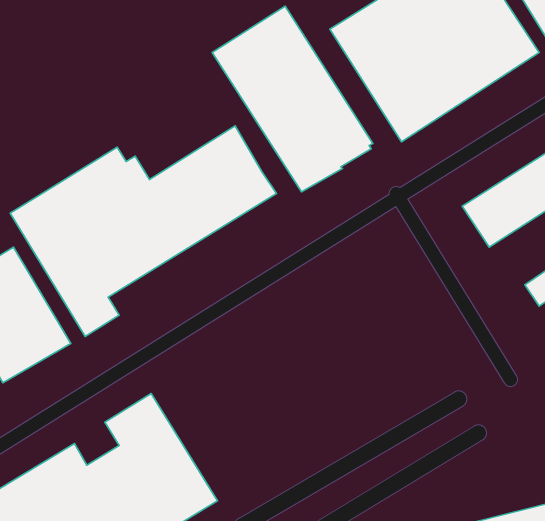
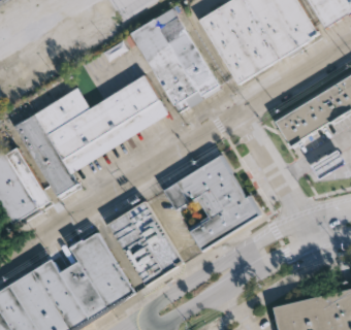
building: none -> [161,152,258,249]
building: none -> [109,202,185,287]

